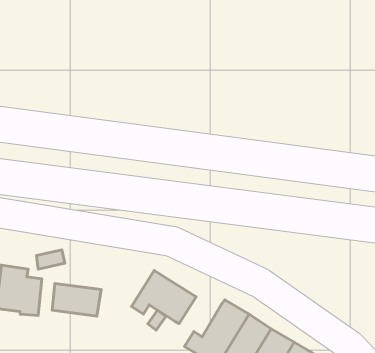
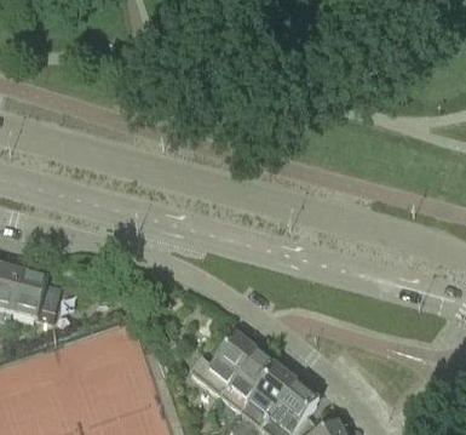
building: [131,271,196,323] -> none
building: [52,284,101,316] -> none

